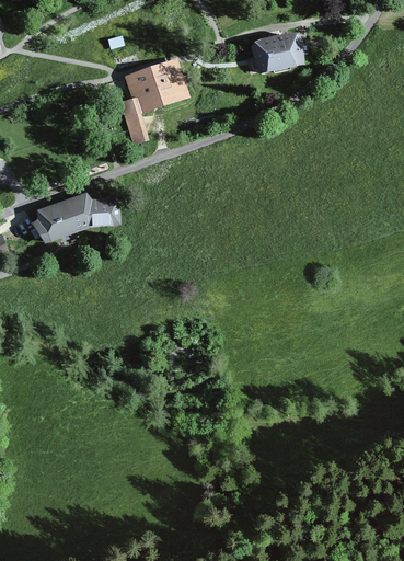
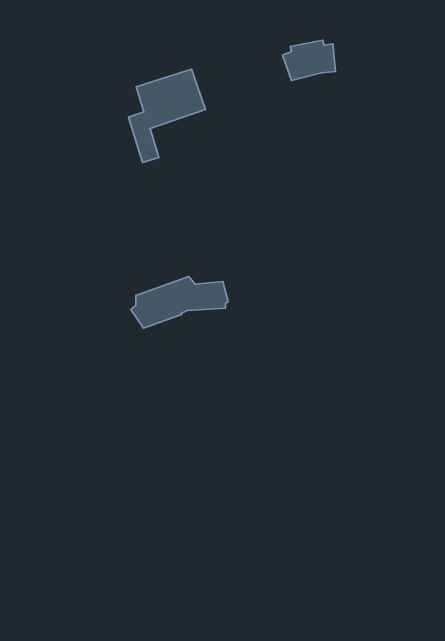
building: [34,195,118,240] -> [131,277,228,328]

